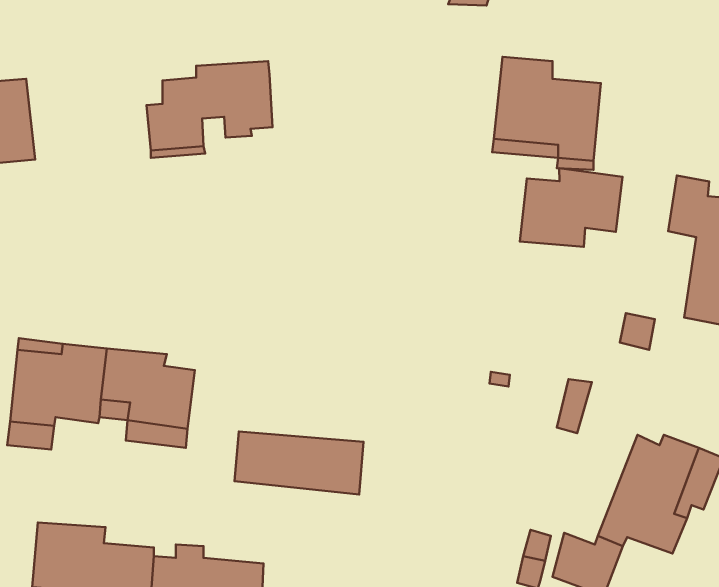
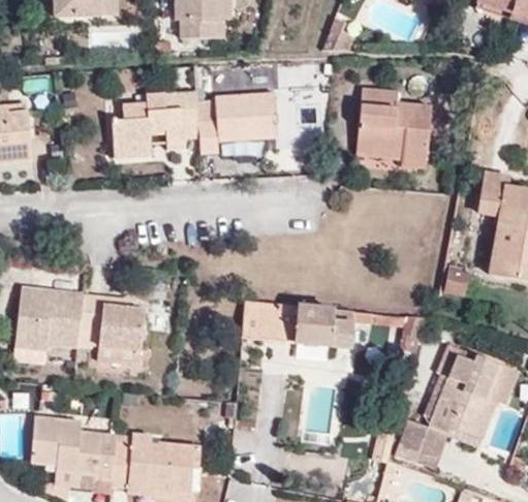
building: none -> [197,92,278,154]
building: [520,168,622,247] -> none
building: [235,431,364,494] -> [242,301,333,345]

